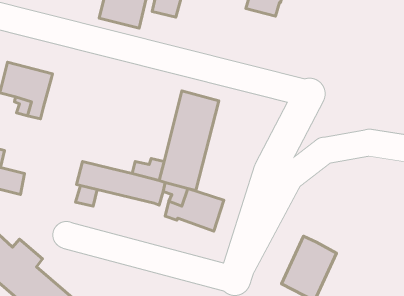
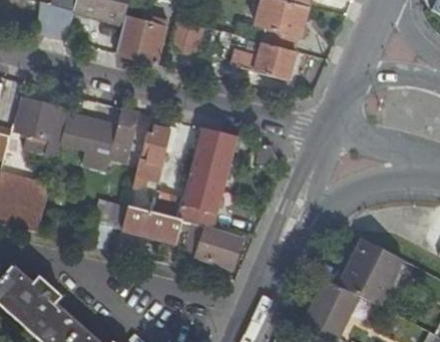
building: none -> [235,44,296,82]
building: none -> [60,107,139,168]
building: none -> [133,126,177,187]
building: none -> [335,235,399,301]

